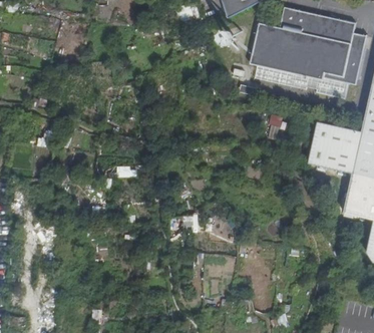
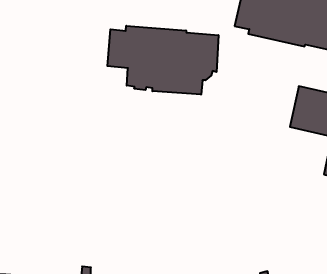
building: none -> [107,26,218,95]

